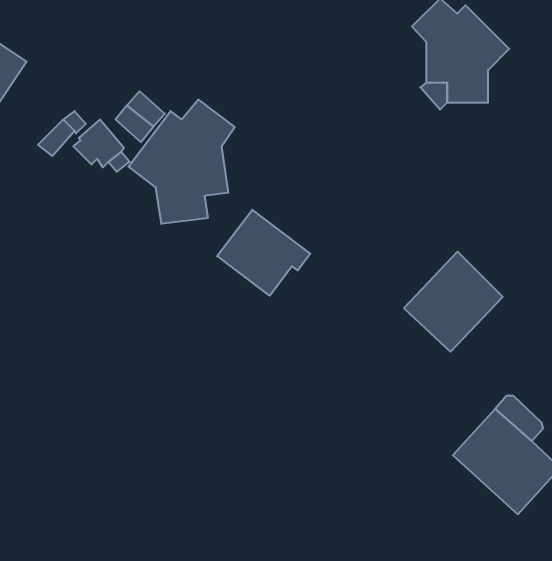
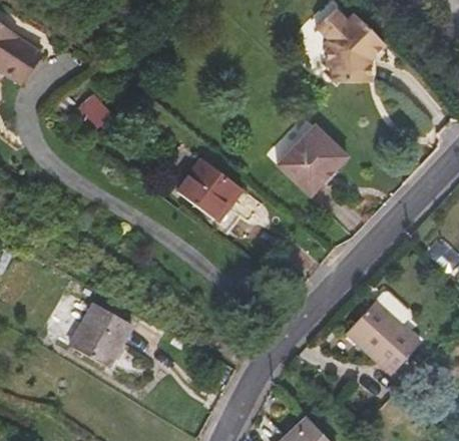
building: [128,100,235,224] -> none
building: [404,252,503,352] -> [277,124,347,195]
building: none -> [70,303,132,368]

